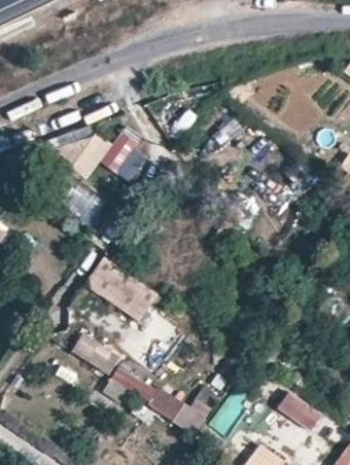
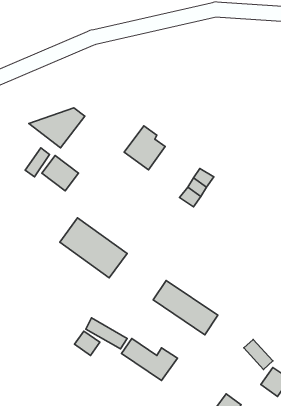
building: [100,132,145,180] -> [124,126,165,170]
building: none -> [153,280,218,335]
building: [71,331,119,373] -> none

